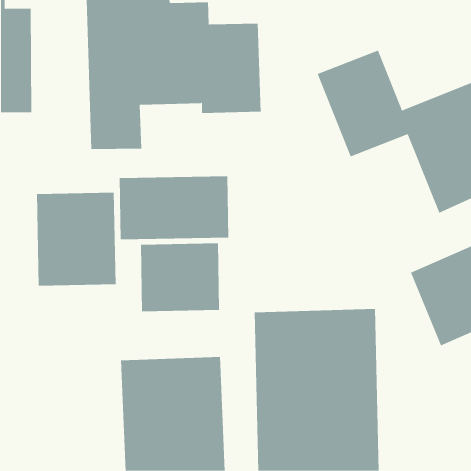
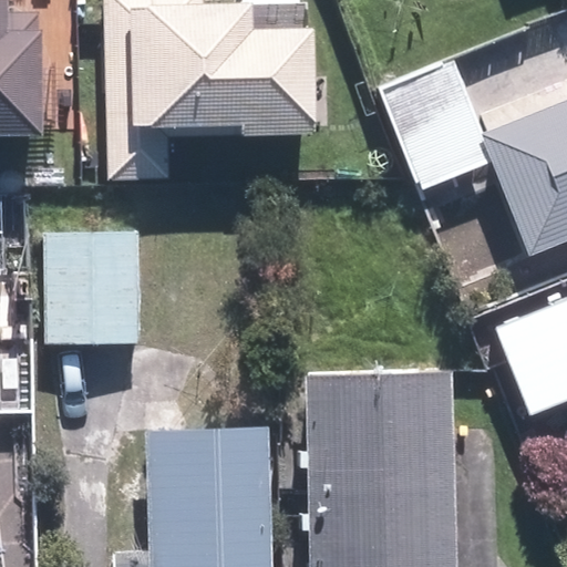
building: [119,175,229,240] -> none
building: [140,242,220,312] -> none

